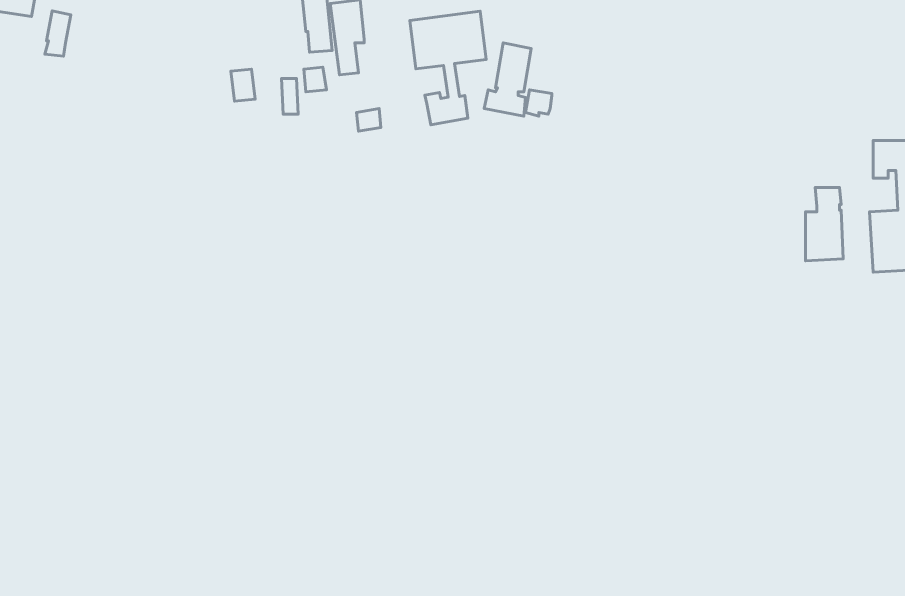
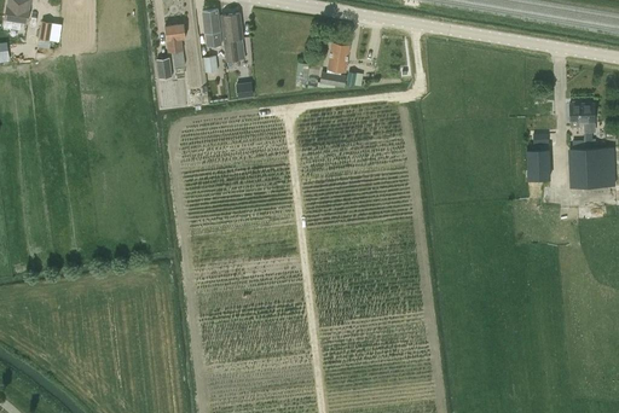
building: [410,11,486,125] -> none
building: none -> [166,24,187,68]

